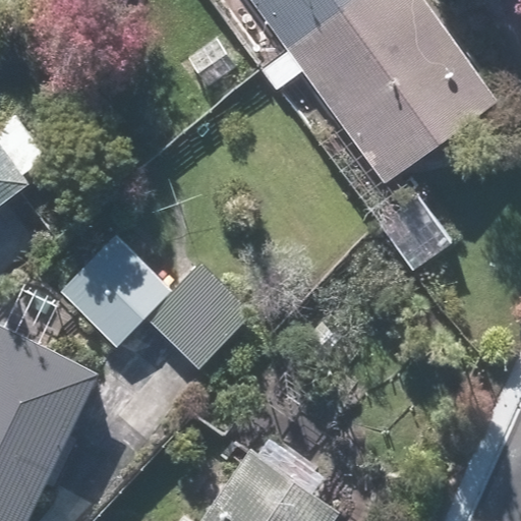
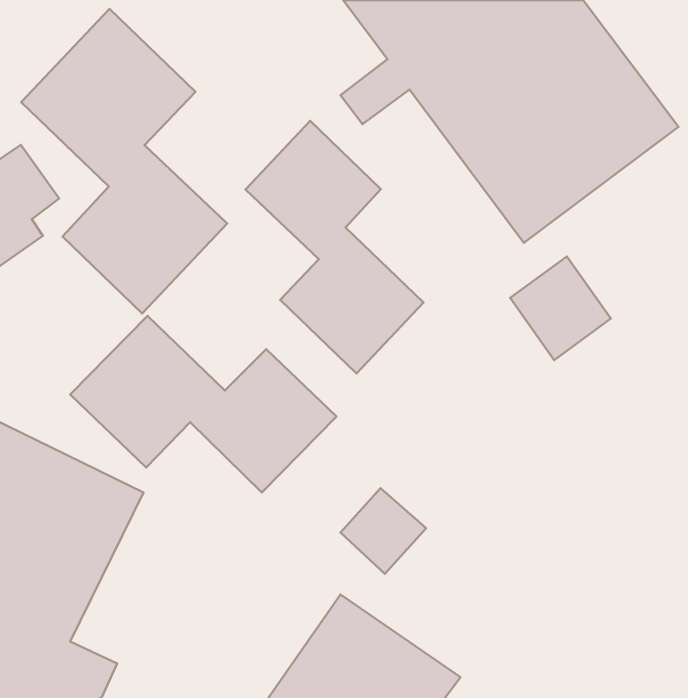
building: none -> [21,9,227,313]
building: none -> [245,121,424,374]

